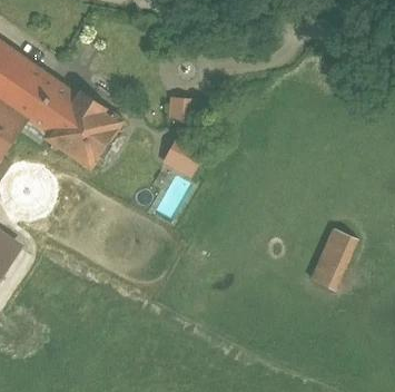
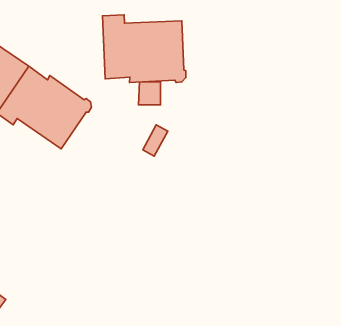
building: none -> [102,15,186,82]
building: [312,228,357,290] -> none

